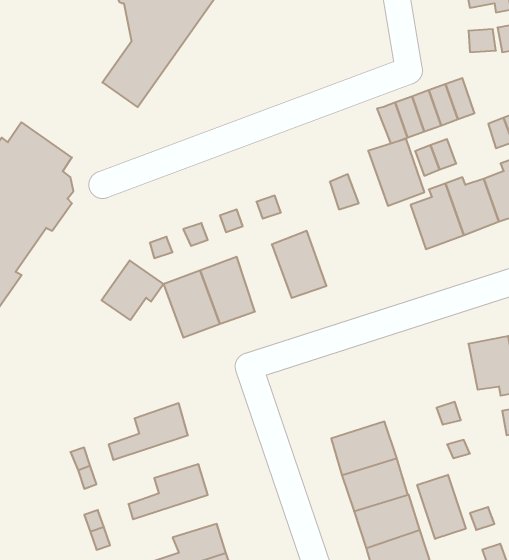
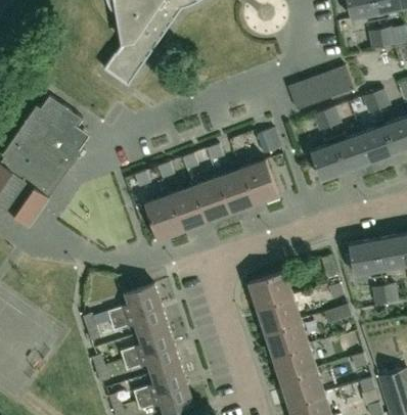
building: [368,139,424,206] -> [240,160,278,205]
building: none -> [193,178,230,223]
building: [102,260,163,320] -> none
building: none -> [248,271,292,308]
building: none -> [110,306,168,334]
building: [417,475,466,539] -> none
building: none -> [124,345,180,374]

